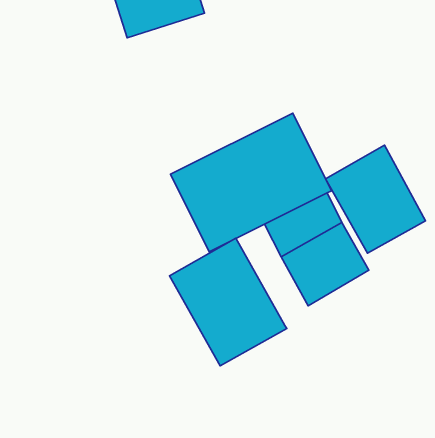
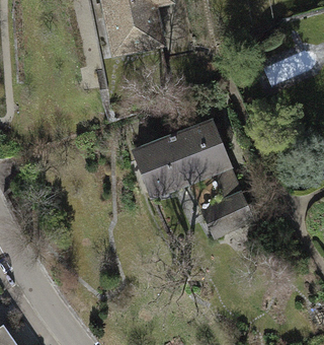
building: [326,145,425,253] -> none
building: [169,238,287,366] -> none

